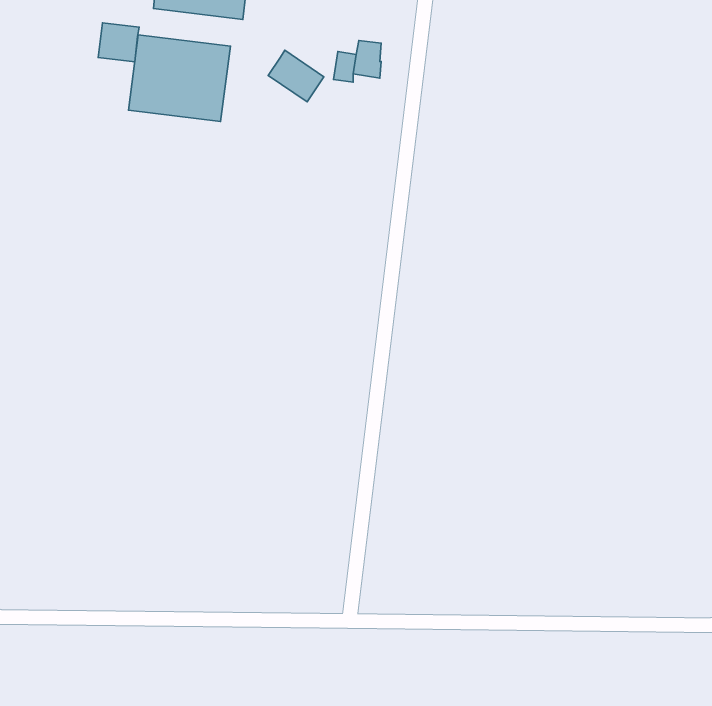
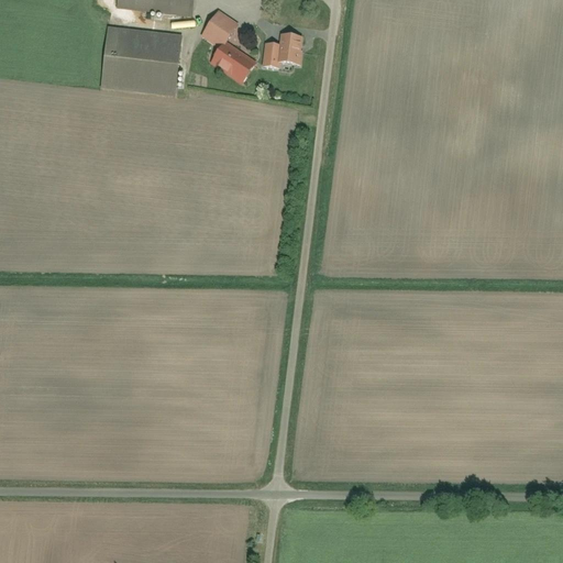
building: none -> [201,9,236,45]
building: [98,23,139,62] -> none

